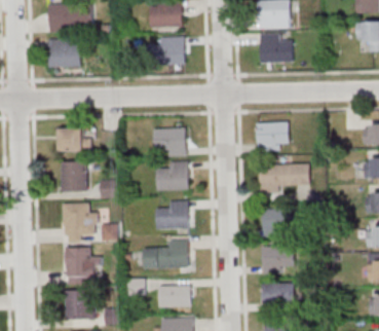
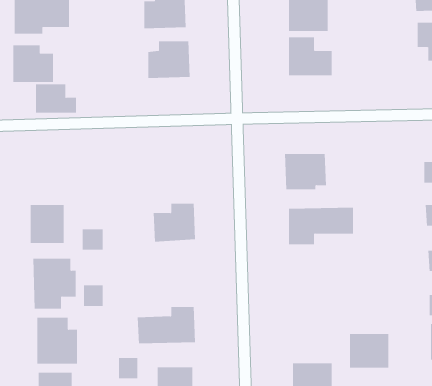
building: [59,127,90,150] -> [35,84,77,113]
building: [154,127,186,155] -> none
building: [155,200,188,230] -> none
building: [262,209,295,236] -> none
building: [262,246,293,272] -> [349,333,389,368]

